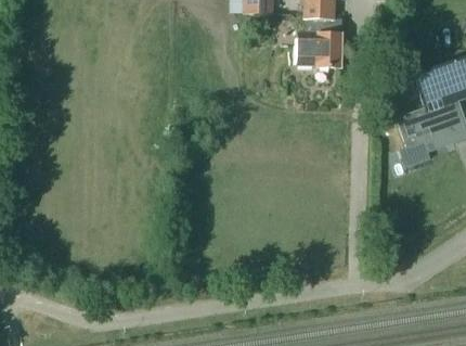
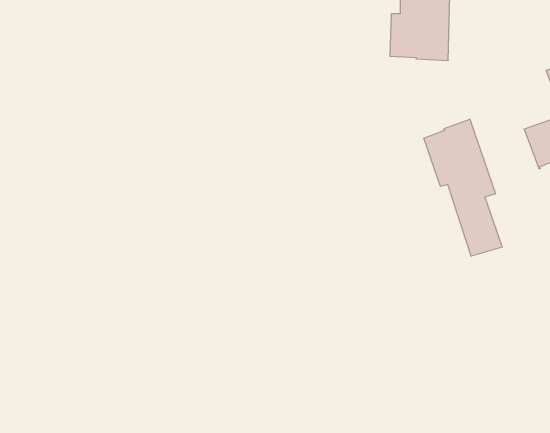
building: none -> [424,119,502,256]

